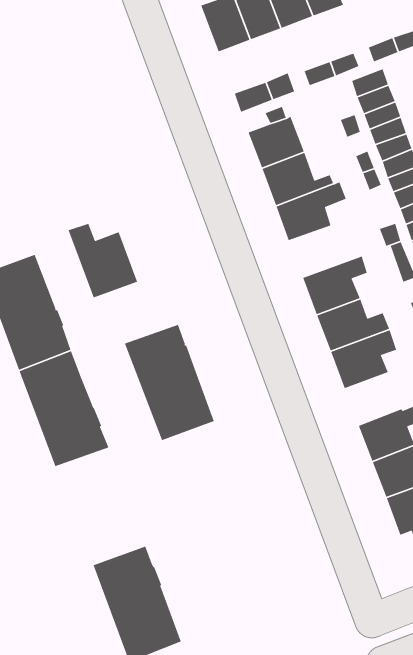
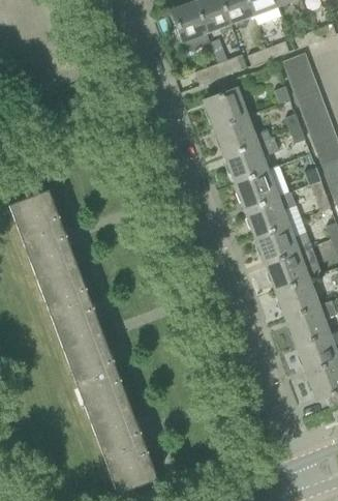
building: none -> [236,167,288,208]
building: [68,223,138,298] -> none
building: [124,324,215,441] -> [63,334,130,421]
building: none -> [277,278,319,318]

